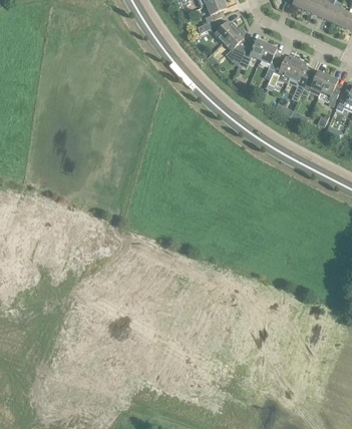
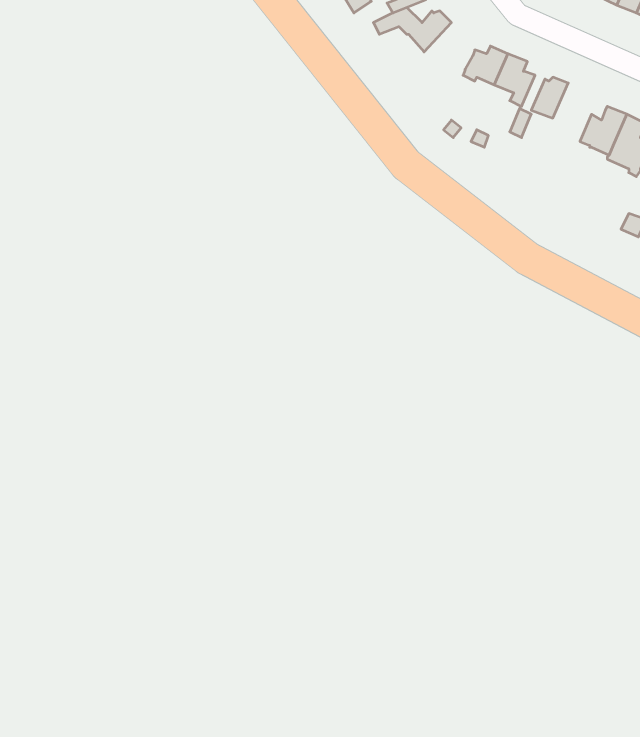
building: [223,26,244,63] -> none
building: [287,57,309,100] -> none

